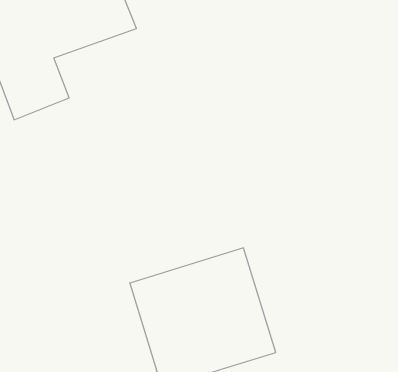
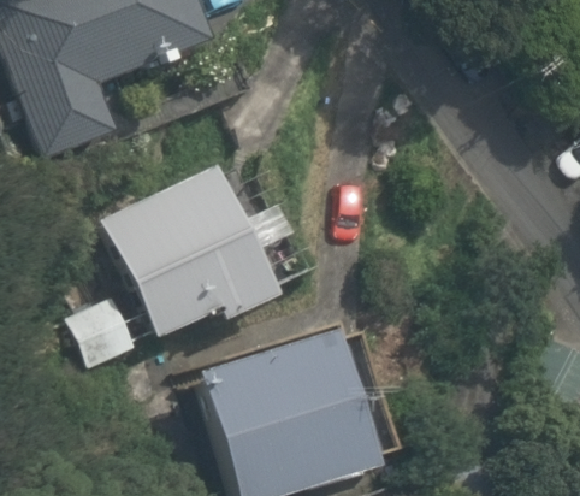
building: none -> [99,160,284,339]

